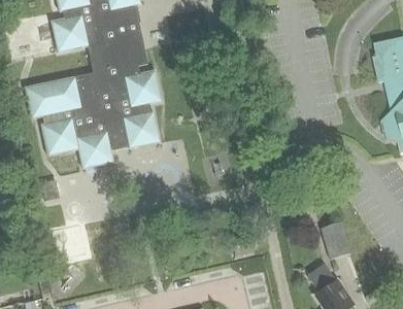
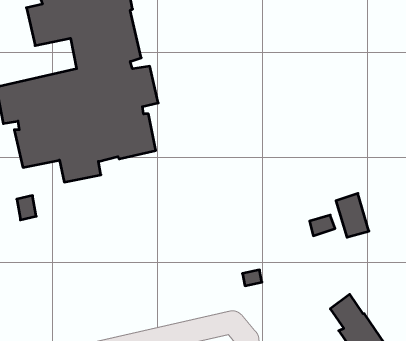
building: [323,222,350,260] -> [336,193,369,237]

